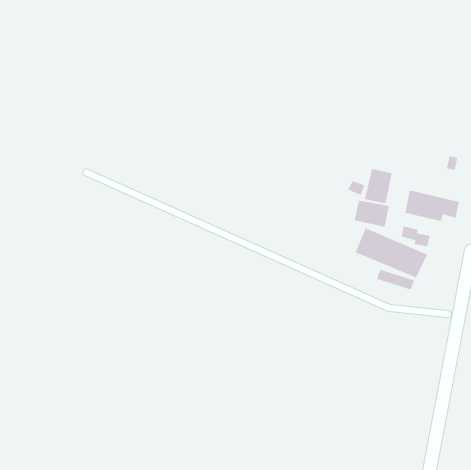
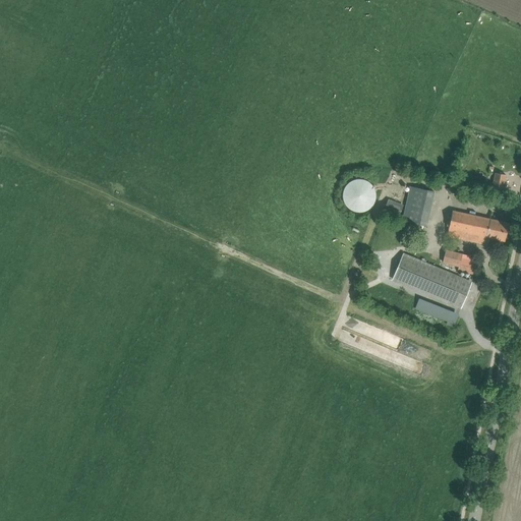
building: none -> [346,177,379,212]
building: [354,200,389,227] -> none

